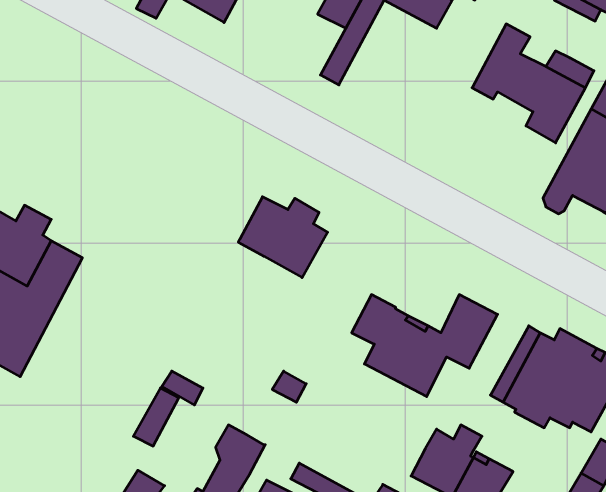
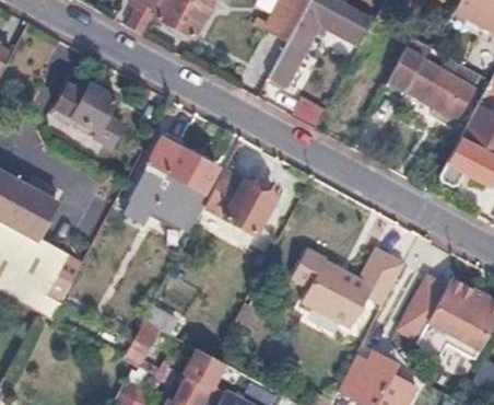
building: none -> [56,86,125,148]
building: none -> [124,134,219,233]

